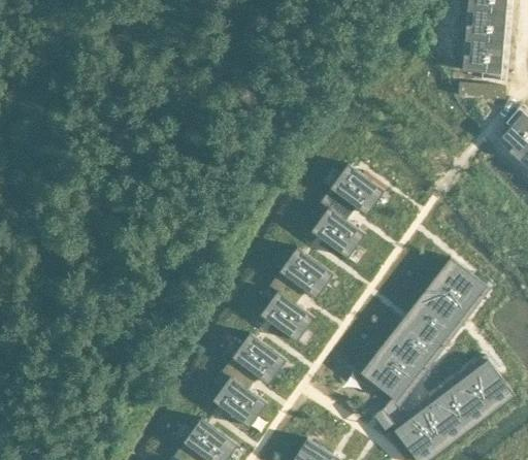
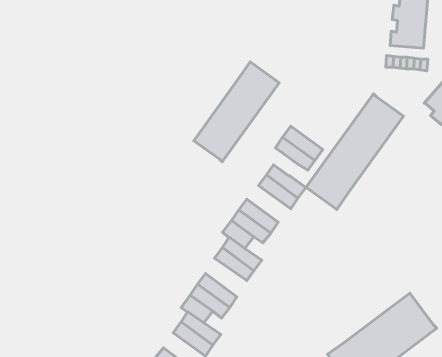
building: none -> [194,62,279,162]
building: none -> [306,94,403,210]
building: [319,188,355,220] -> none
building: [359,257,490,403] -> none

